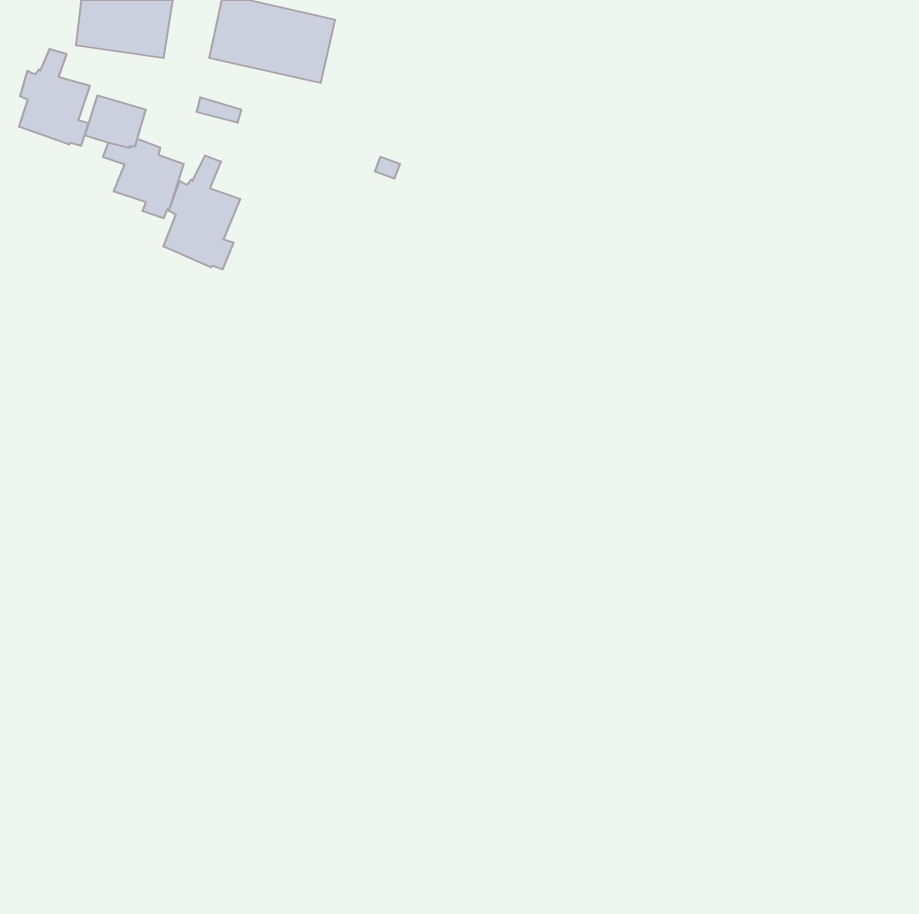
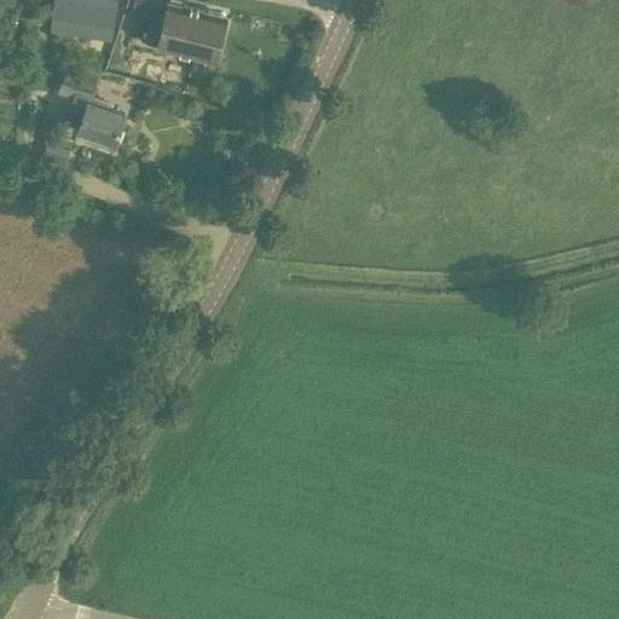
building: [19,49,90,146] -> none
building: [163,155,240,269] -> none

